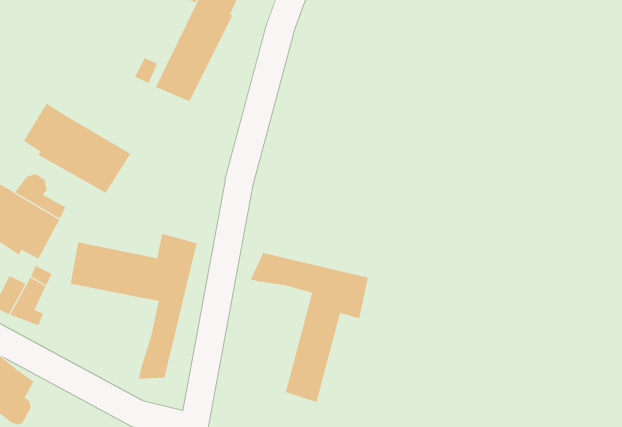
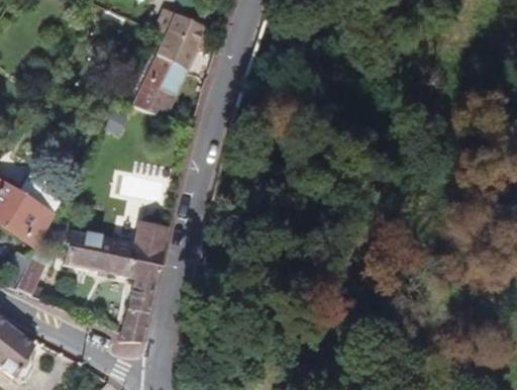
building: [23,103,131,194] -> none
building: [250,252,368,403] -> none

